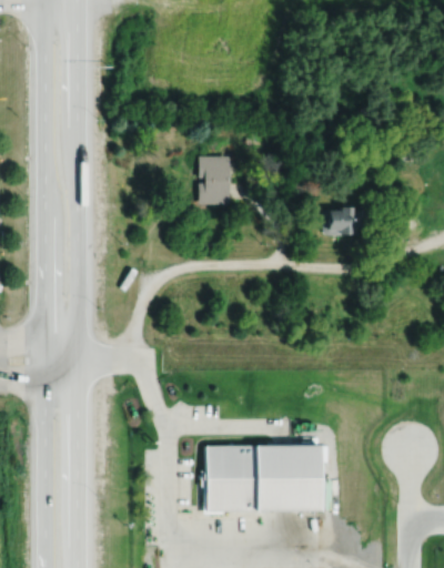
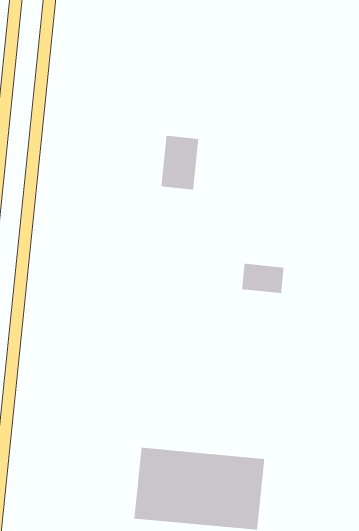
building: [326,210,364,234] -> [241,263,284,294]

